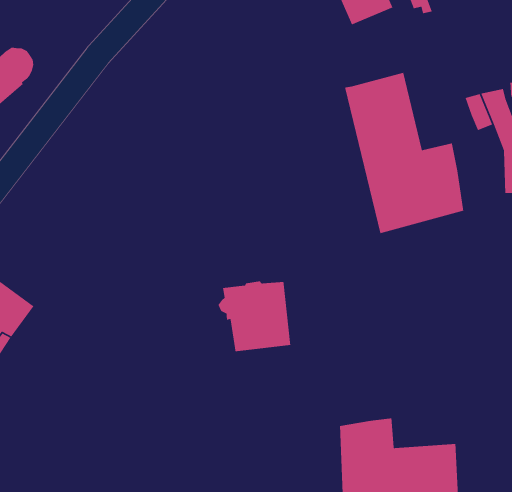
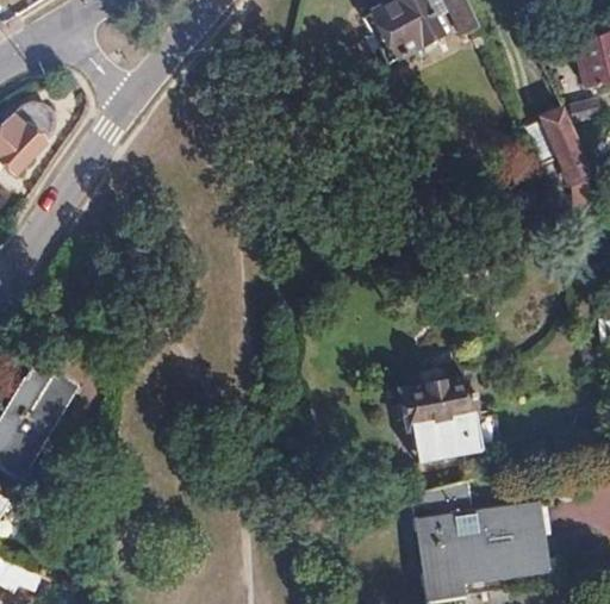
building: [344,72,464,234] -> none
building: [218,281,291,352] -> [398,378,481,459]

